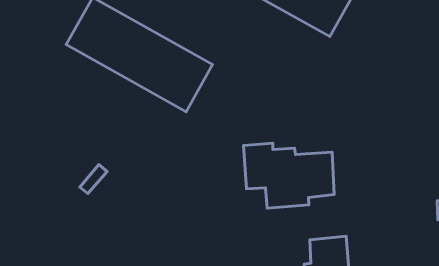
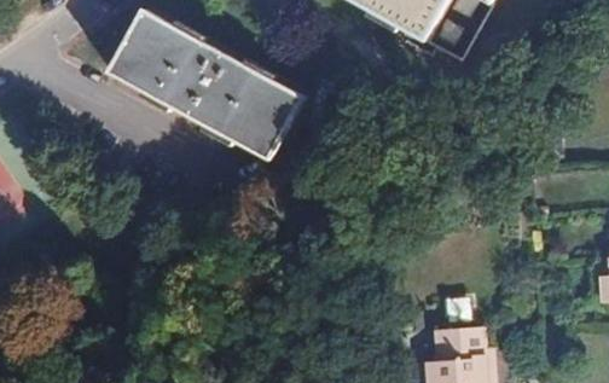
building: [243,143,334,208] -> none

